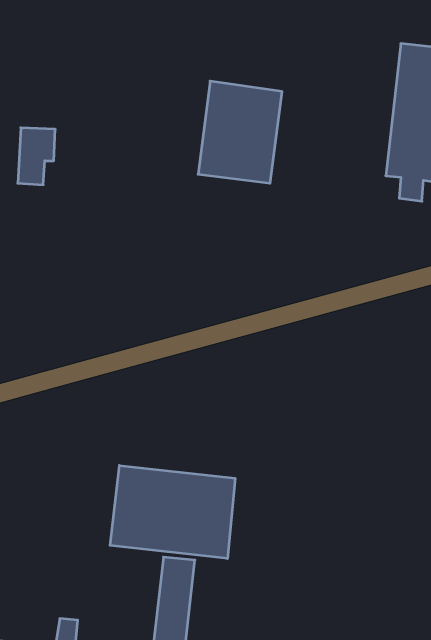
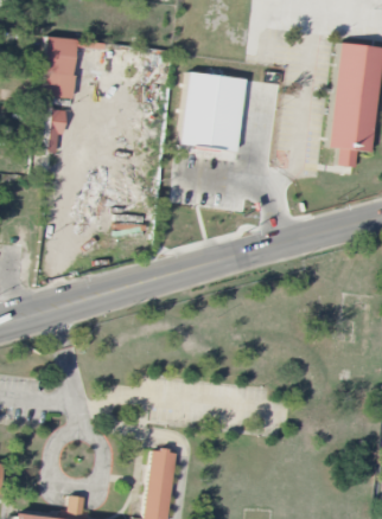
building: none -> [40,36,77,98]
building: [110,465,235,559] -> none

